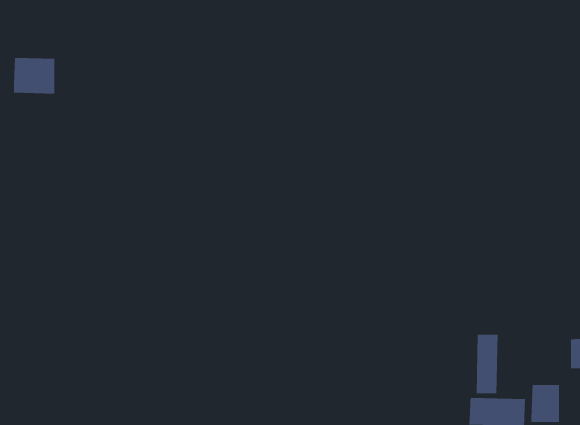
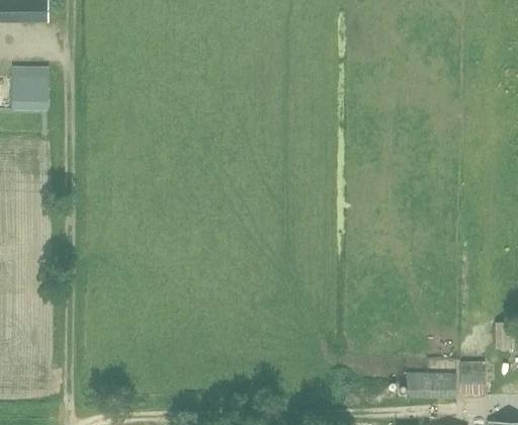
building: [476,334,498,394] -> none

